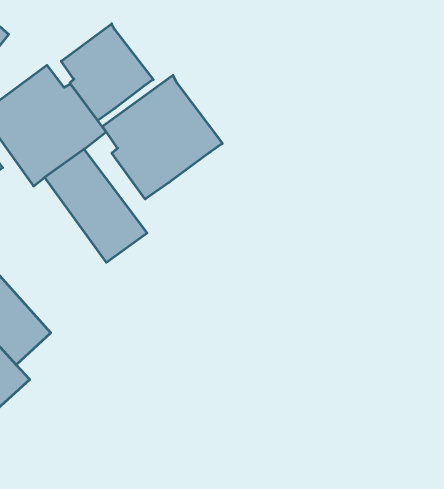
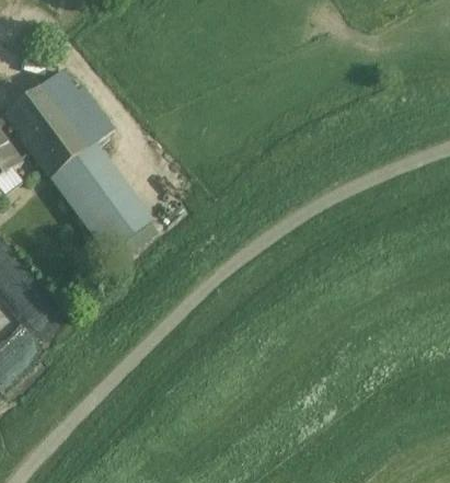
building: [61,24,153,120] -> none
building: [102,75,222,199] -> none

